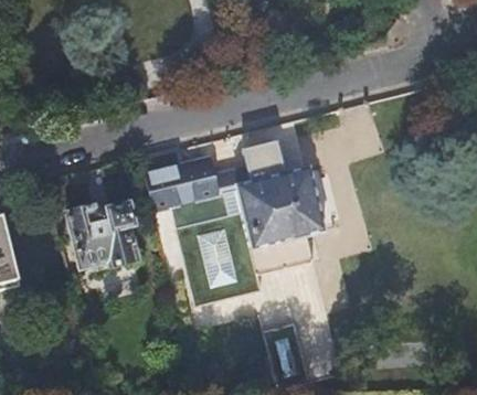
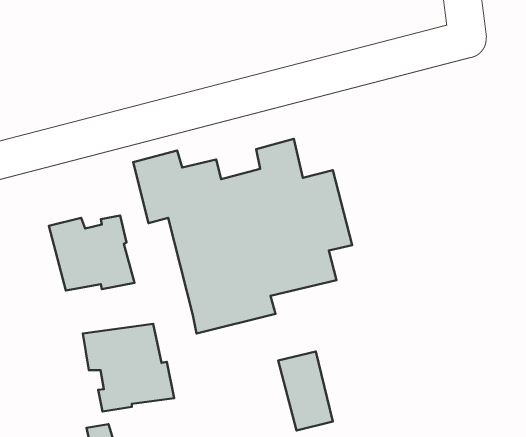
building: none -> [83,324,174,412]

